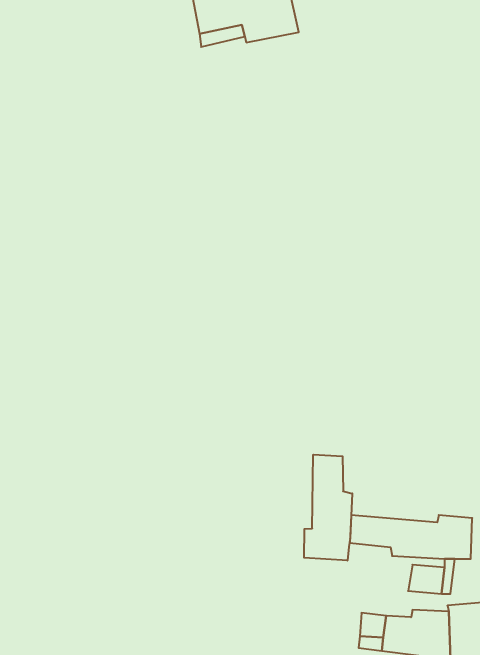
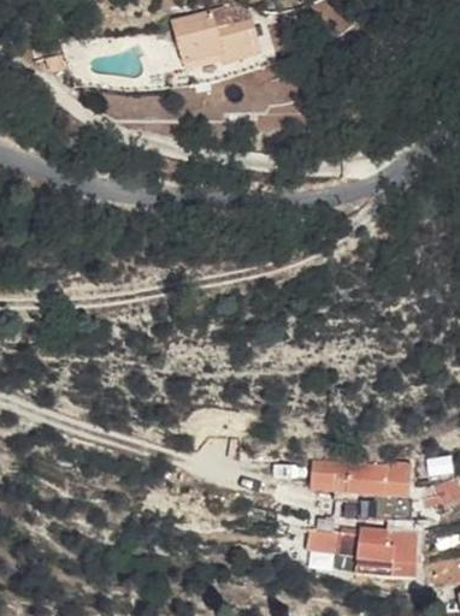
building: [304,455,352,561] -> none

